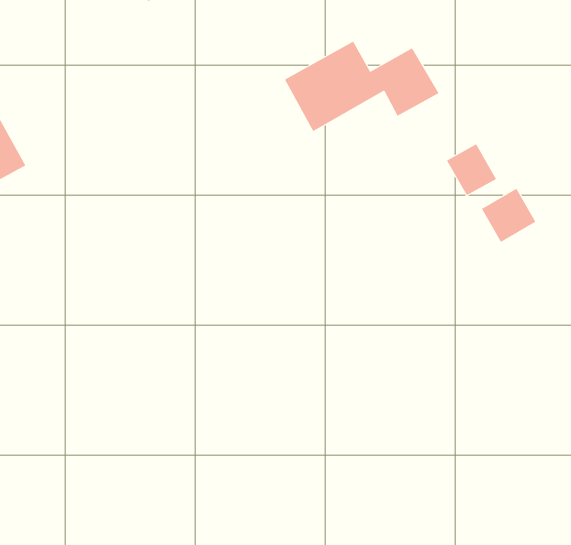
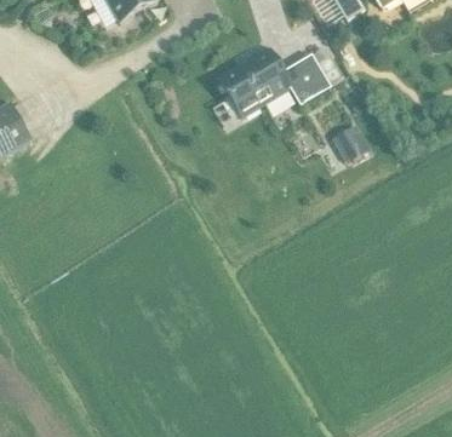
building: [481,188,536,243] -> none

